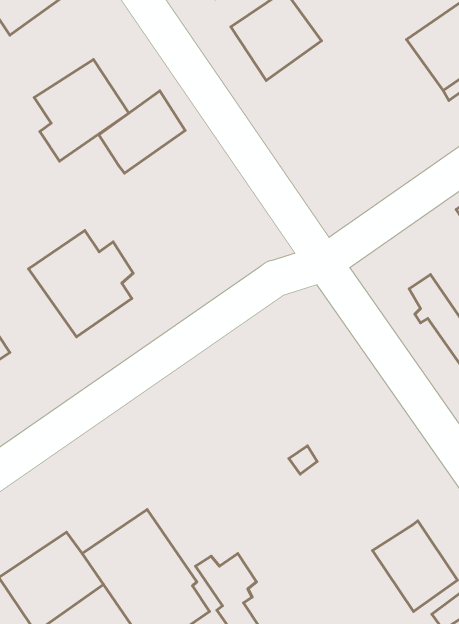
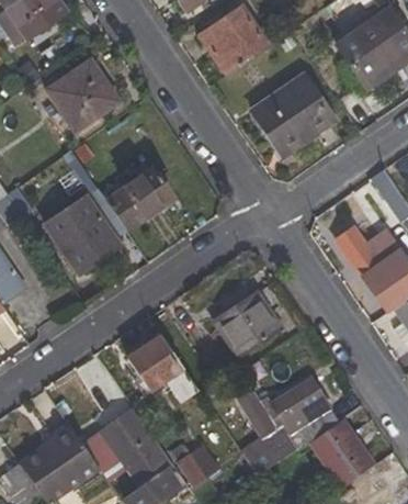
building: none -> [250,72,335,156]
building: [99,91,185,173] -> [107,167,174,231]
building: none -> [214,293,283,357]
building: none -> [126,334,199,403]
building: none -> [234,377,339,475]

